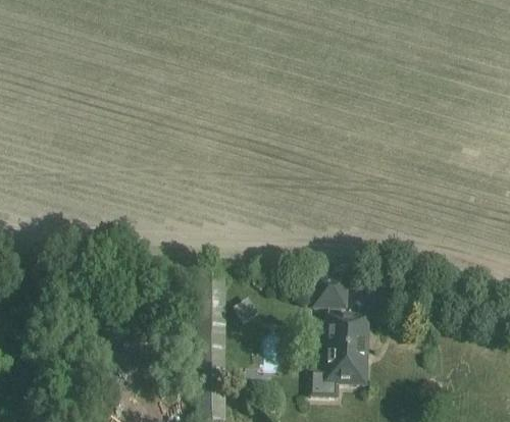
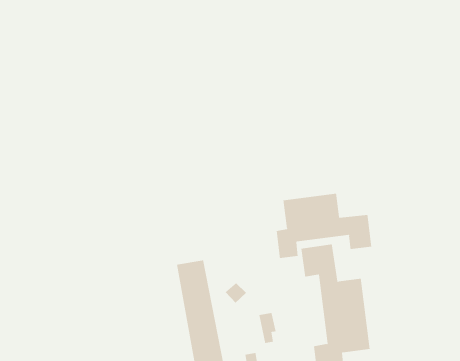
building: none -> [276,193,372,259]

